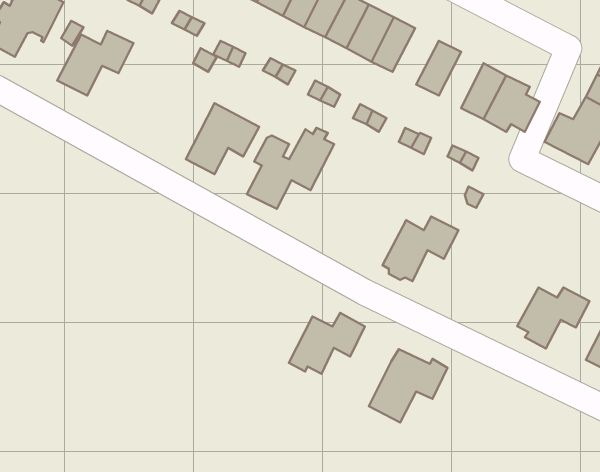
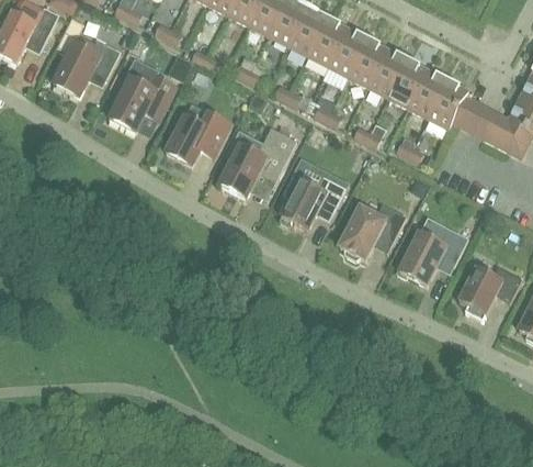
building: none -> [348,37,388,87]
building: none -> [109,57,175,131]
building: none -> [388,58,428,108]
building: [289,313,365,374] -> [279,176,345,230]
building: [369,349,447,423] -> [398,221,467,286]

